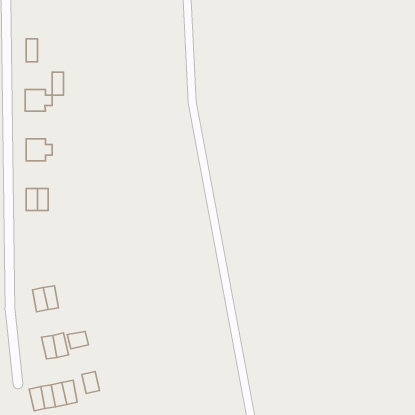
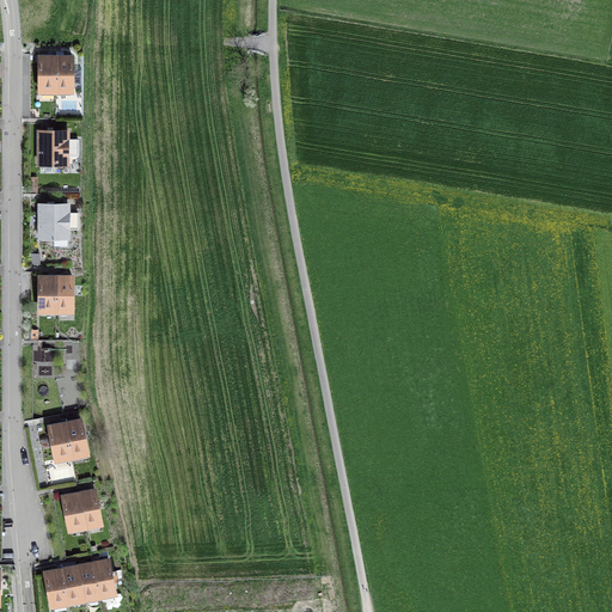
building: [52,72,63,95] -> [55,57,72,91]
building: [67,331,88,349] -> none
building: [82,371,99,394] -> none

